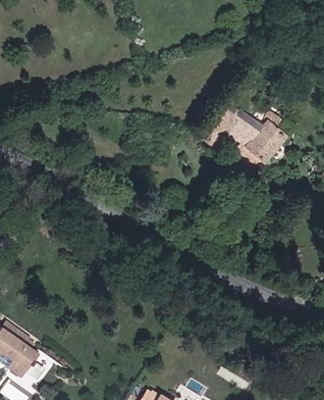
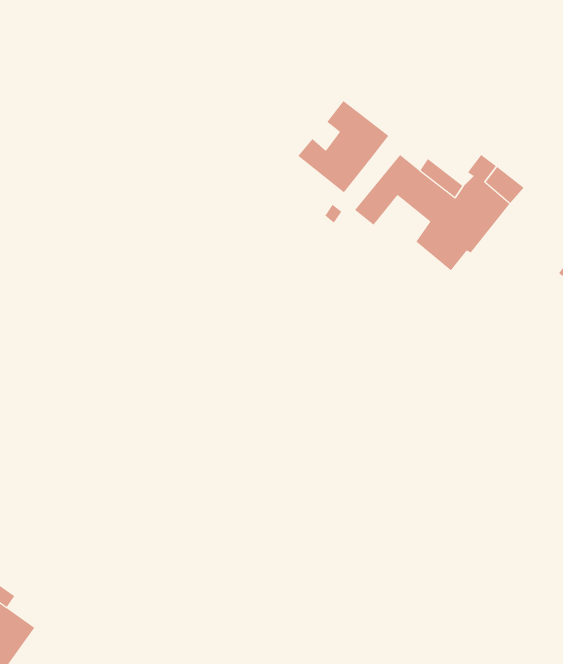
building: none -> [297,100,389,193]

